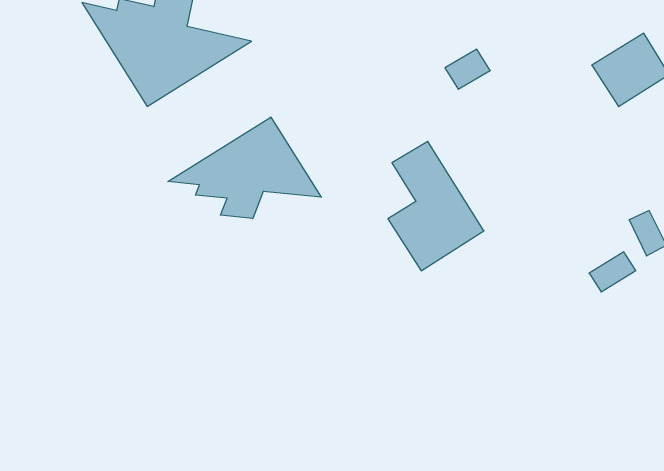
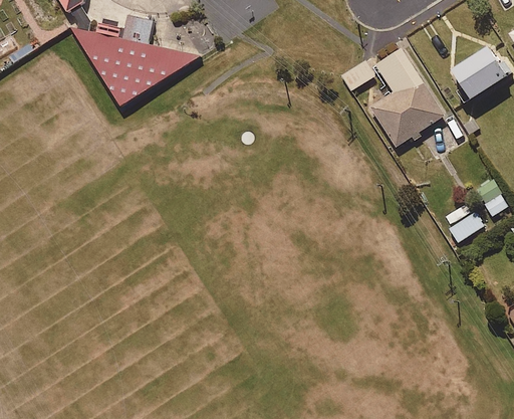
building: [168,117,321,219] -> none
building: [388,141,484,271] -> [372,49,445,147]

